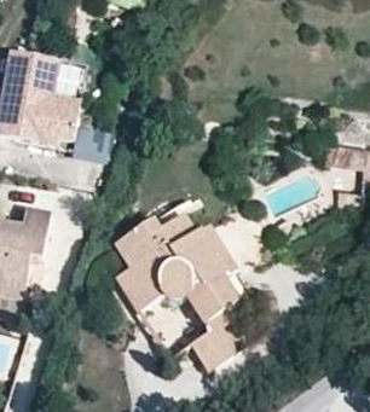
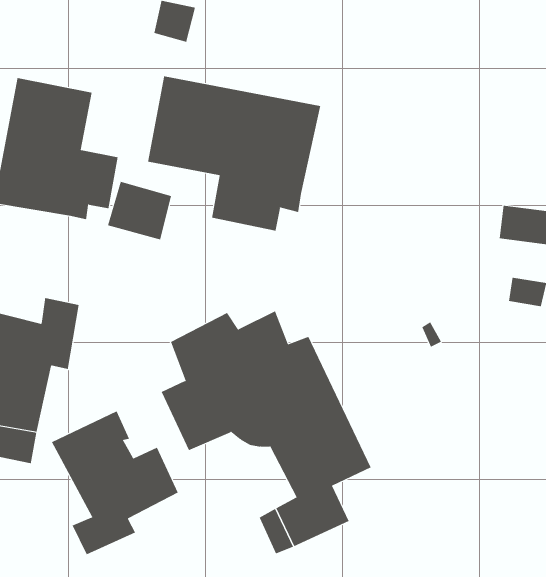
building: none -> [147,75,321,231]
building: none -> [51,411,178,555]

